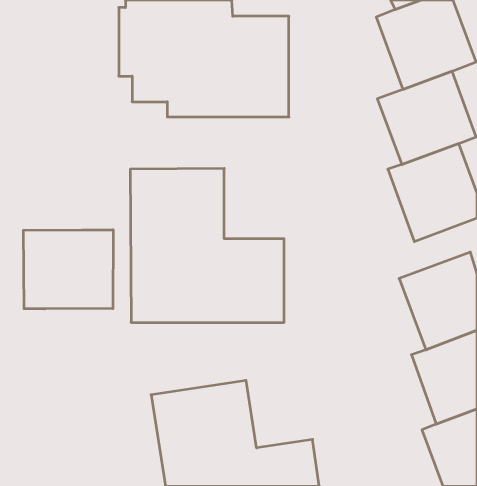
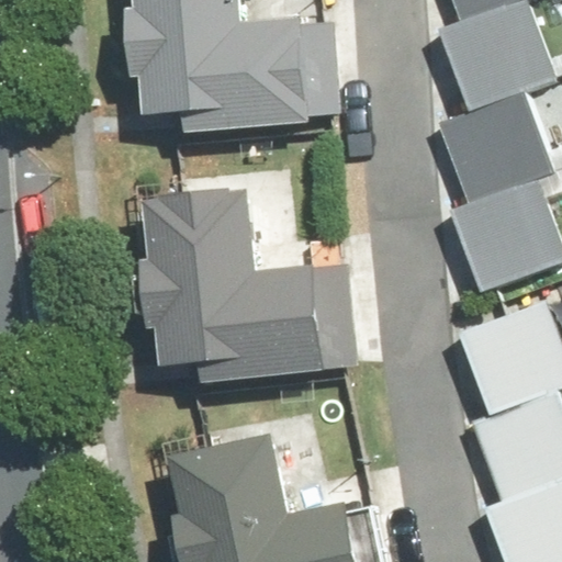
building: [23,230,113,309] -> none

